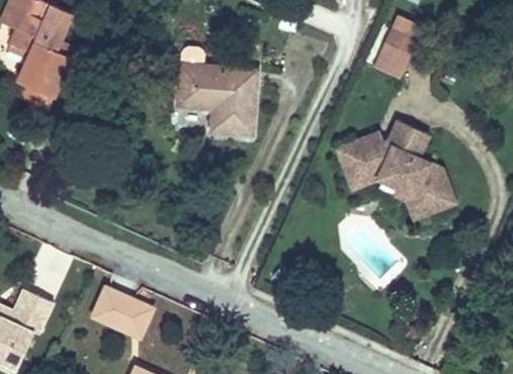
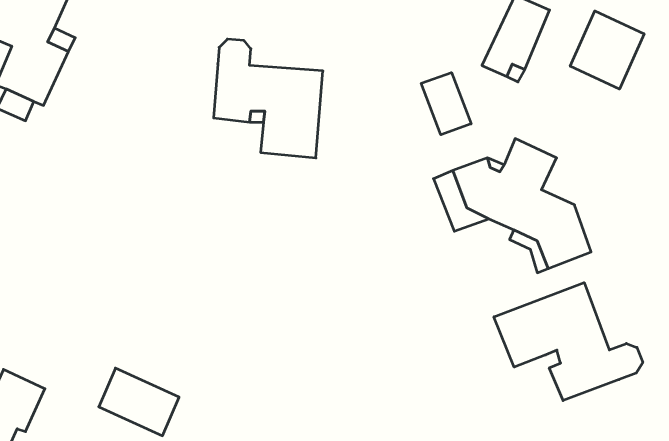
building: none -> [570,11,644,89]
building: none -> [421,73,471,135]
building: none -> [494,283,643,401]

